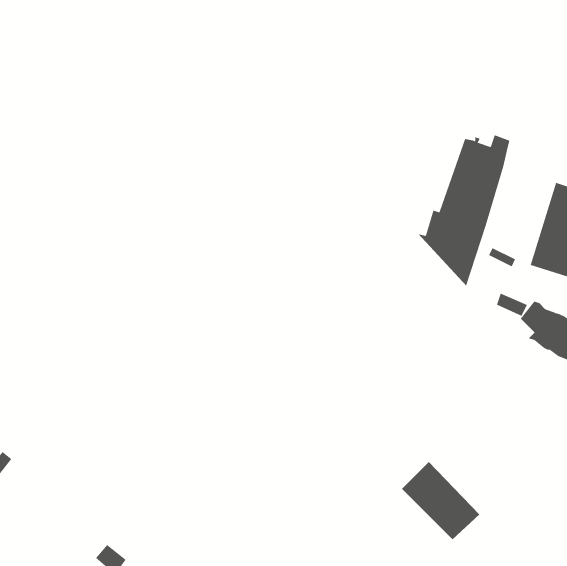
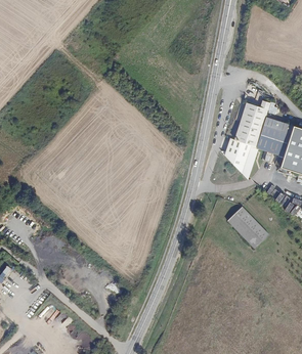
building: none -> [257,117,291,158]
building: [401,461,480,540] -> [227,207,268,248]

